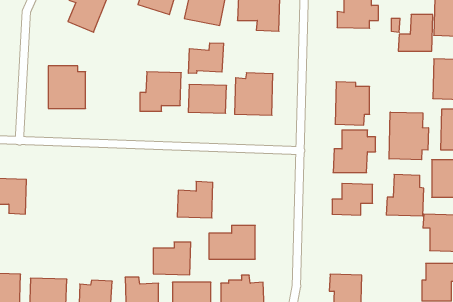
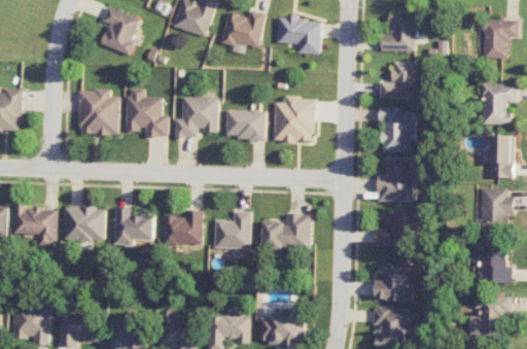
building: [398,15,433,51] -> [379,62,415,100]
building: [188,43,224,73] -> none
building: none -> [126,89,168,137]
building: [389,112,428,160] -> none
building: [386,174,424,216] -> [374,257,413,301]
building: none -> [64,208,105,242]
building: none -> [113,208,153,246]
building: [209,225,255,259] -> [262,214,311,249]
building: [153,242,191,275] -> [164,211,203,245]

